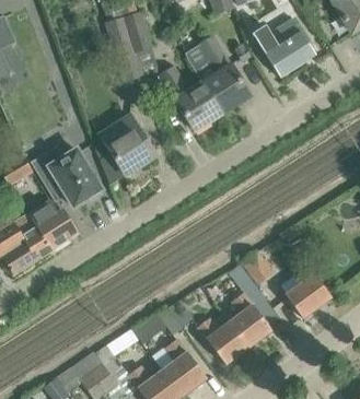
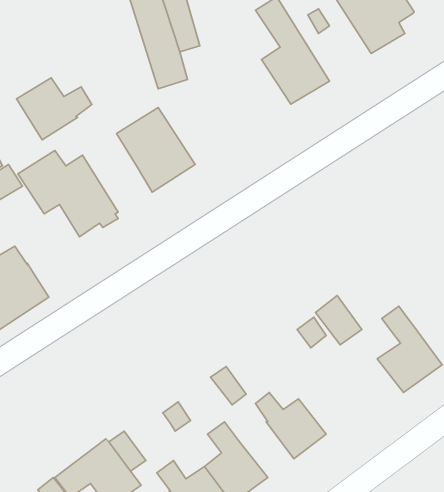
building: [161,67,224,130] -> none
building: none -> [16,78,92,140]
building: [28,199,80,249] -> none
building: [230,292,272,347] -> none

